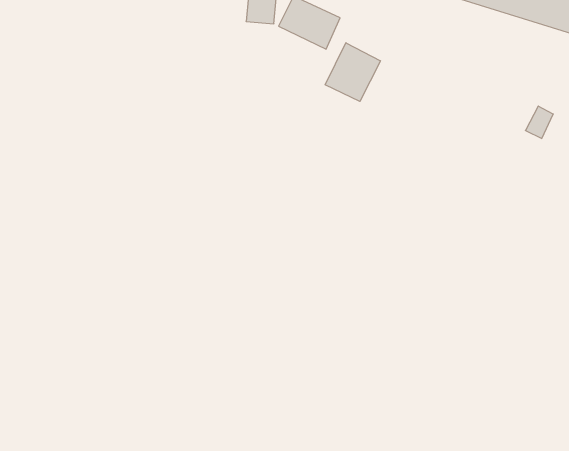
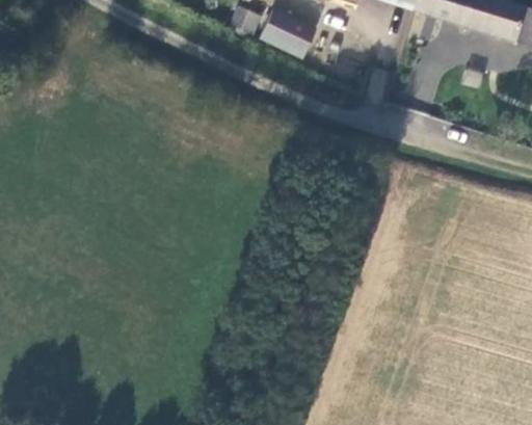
building: [325,43,380,101] -> none

